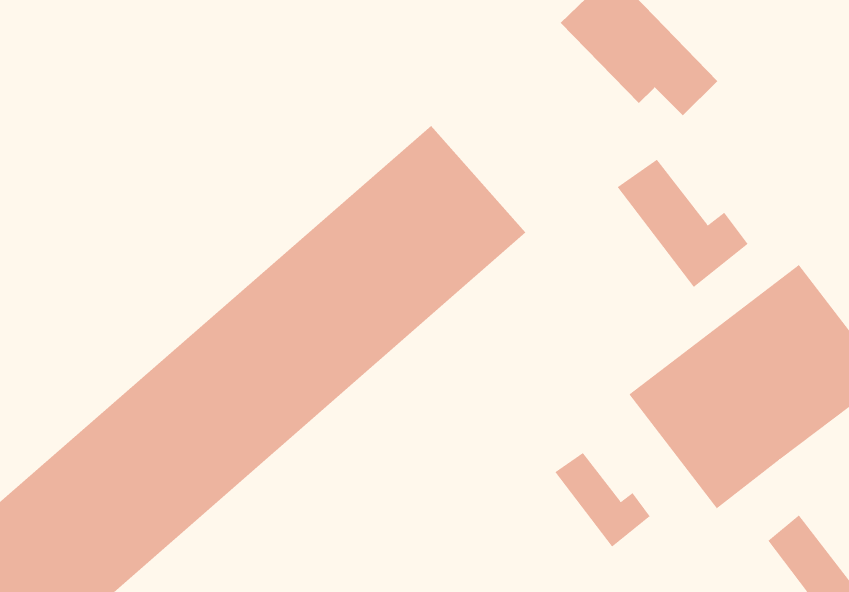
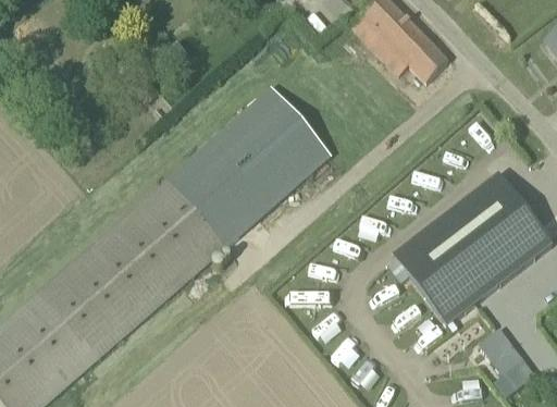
building: [617,159,749,288] -> none
building: [554,452,651,547] -> none

